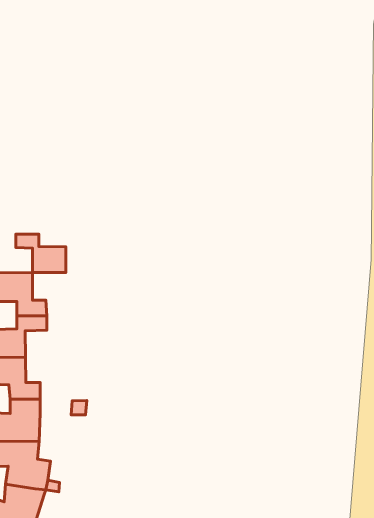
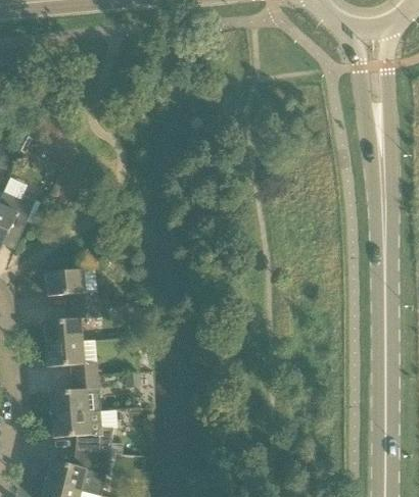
building: [16,234,66,273] -> none

